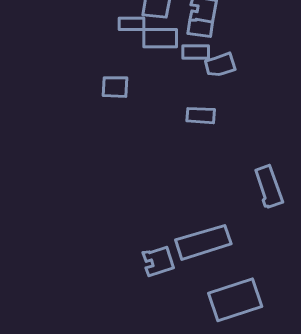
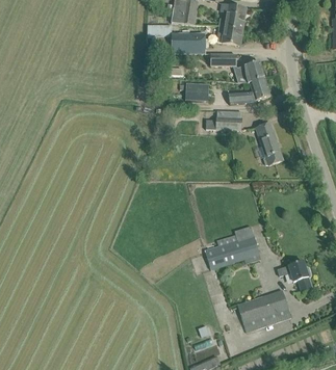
building: none -> [229,77,270,104]
building: [103,78,127,96] -> [185,83,209,102]
building: [256,165,283,207] -> [256,122,283,164]
building: [143,247,174,276] -> none
building: none -> [277,260,312,290]

